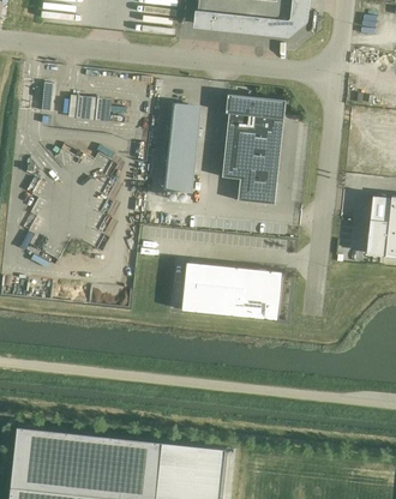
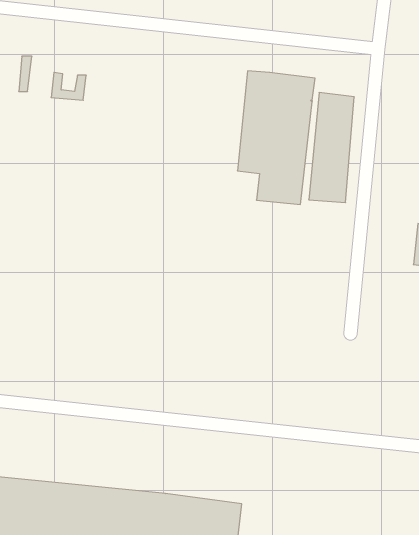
building: [163,102,200,192] -> [309,93,354,203]
building: [181,261,283,320] -> none

